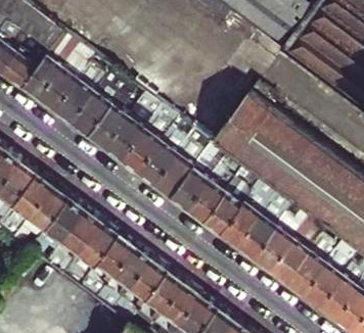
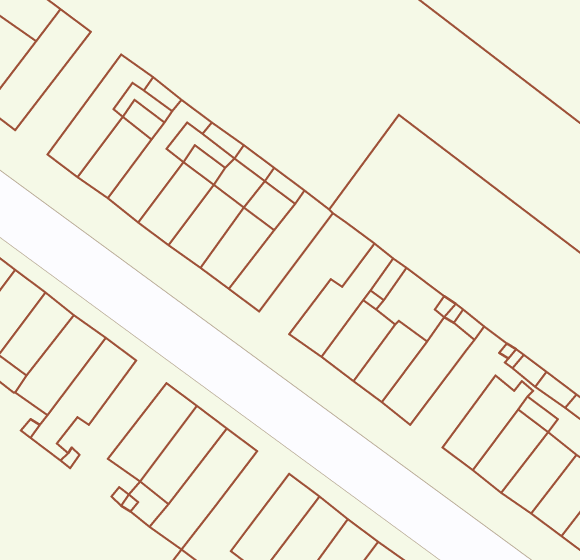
building: [36,43,93,109] -> none
building: [168,141,217,206] -> none
building: [249,215,298,268] -> none
building: [71,221,118,274] -> none
building: [144,270,184,312] -> none

